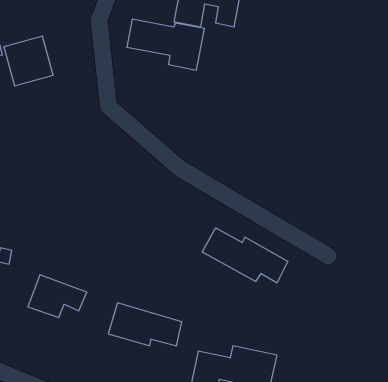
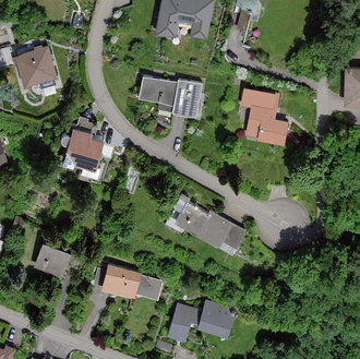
building: [127,19,205,70] -> [139,76,202,118]
building: none -> [241,88,289,144]
building: none -> [68,119,106,167]

